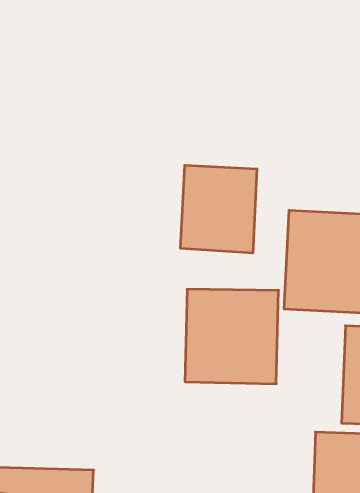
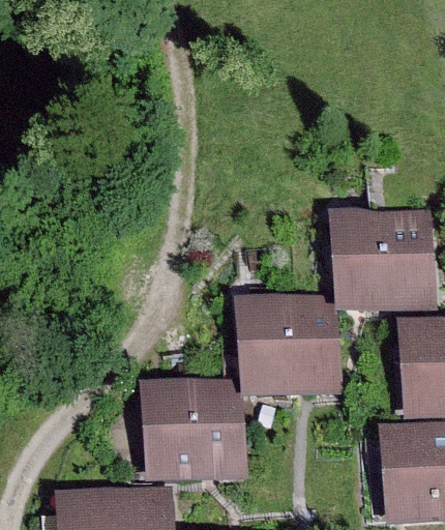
building: [181,165,257,253] -> none
building: none -> [141,379,242,480]

